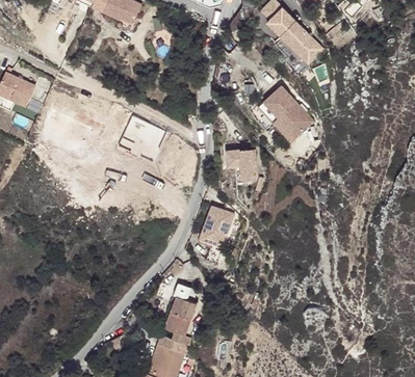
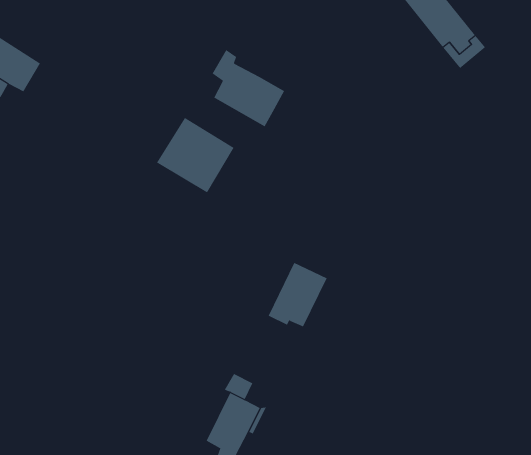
building: none -> [212,49,285,127]
building: [257,86,313,143] -> none
building: [227,146,257,178] -> none

